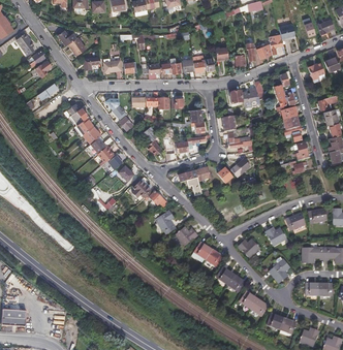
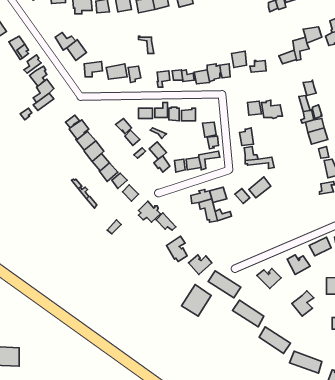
building: none -> [182,284,211,316]

